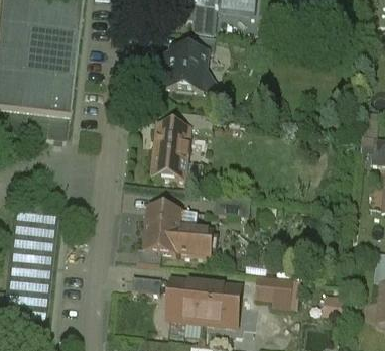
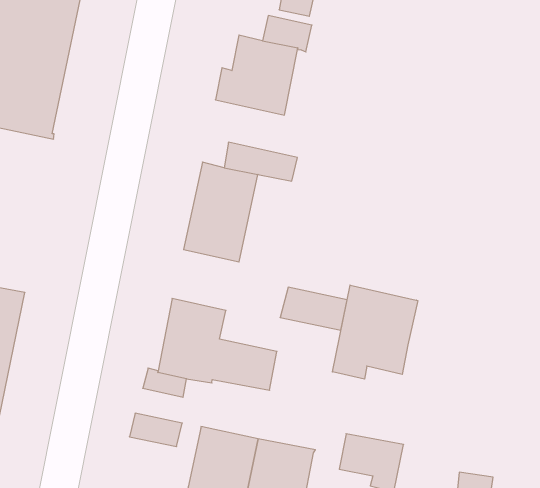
building: none -> [332,285,418,379]

